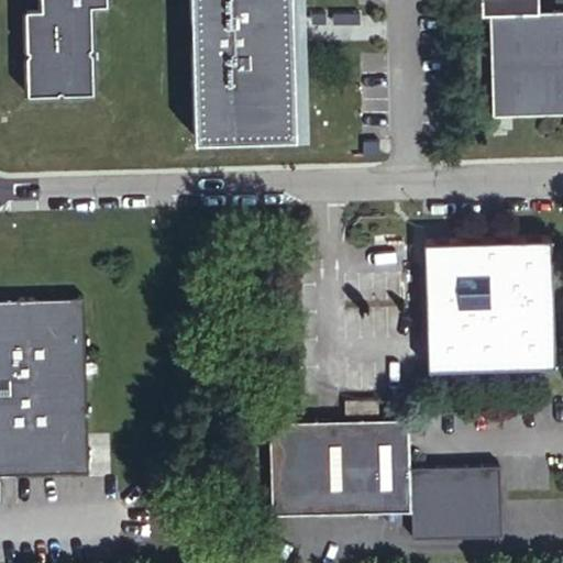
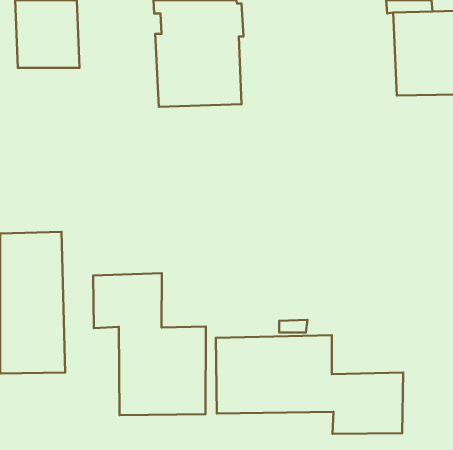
building: [424,242,552,372] -> none
building: none -> [93,273,206,415]

